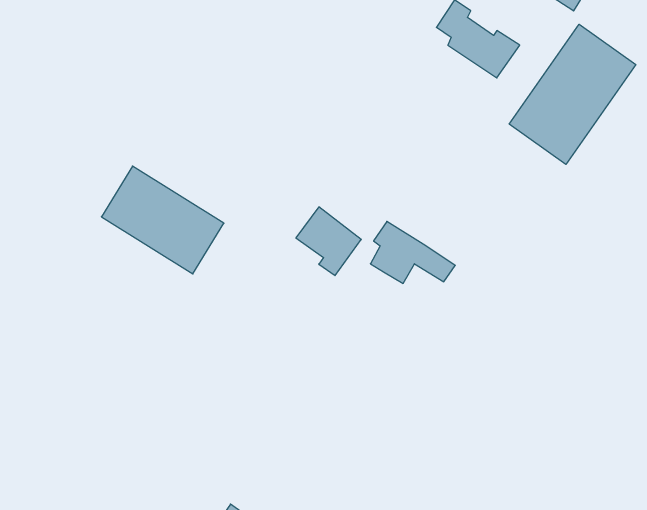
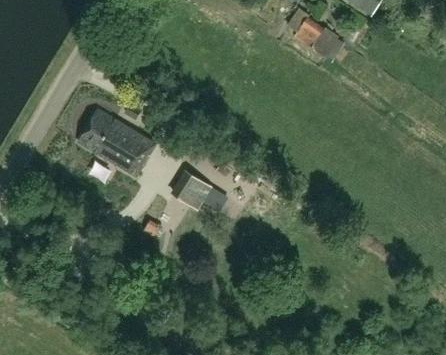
building: [509,24,636,164] -> none
building: [370,221,455,283] -> [175,173,227,211]

